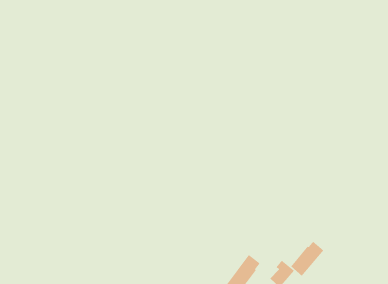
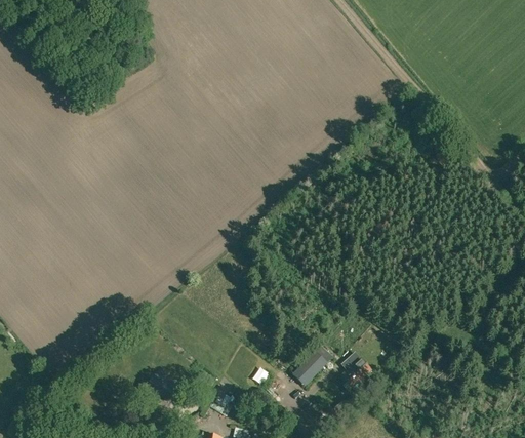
building: [290,241,324,276] -> none

